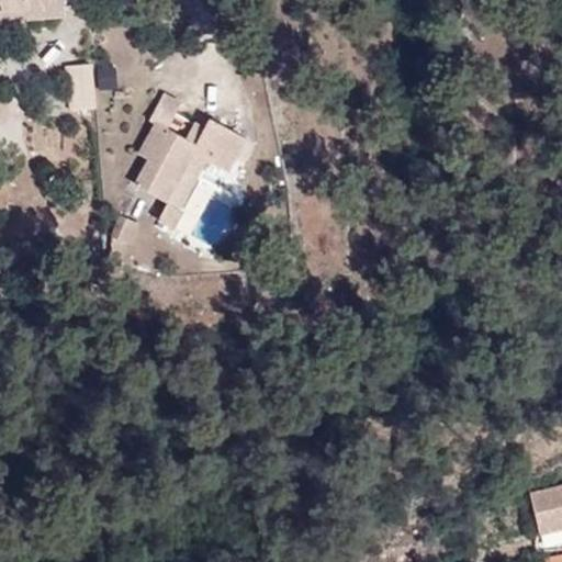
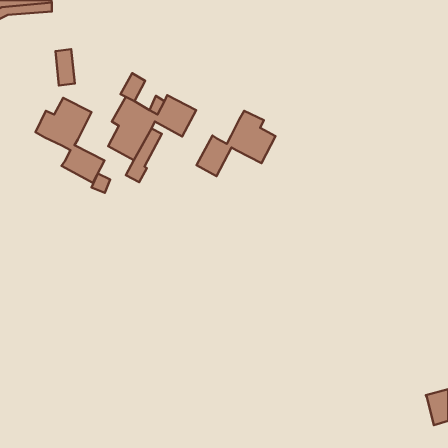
building: none -> [36,98,104,183]
building: none -> [196,111,275,176]

